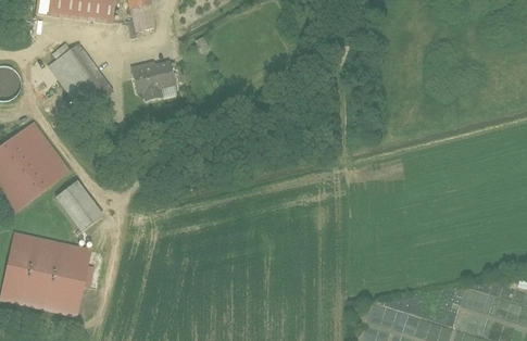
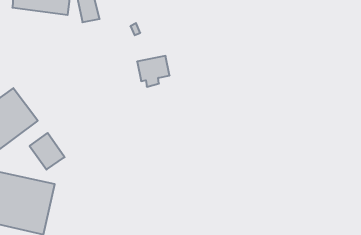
building: [48,43,113,113] -> none
building: [130,62,174,103] -> [137,56,170,87]

